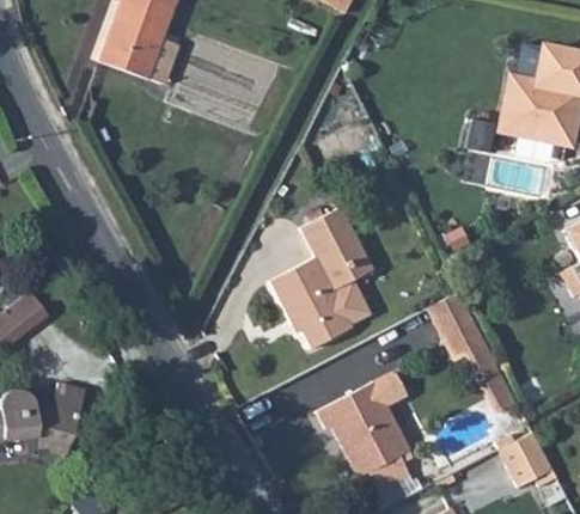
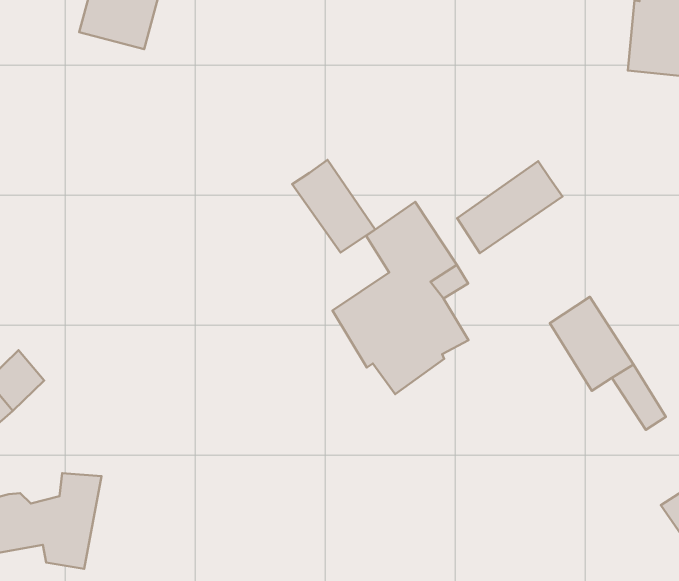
building: none -> [292,160,375,252]
building: none -> [457,161,563,253]
building: [316,372,407,485] -> none

